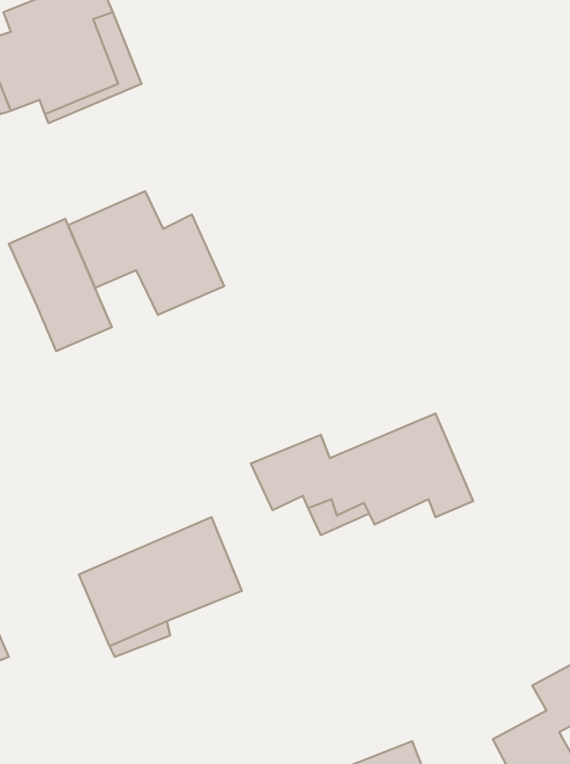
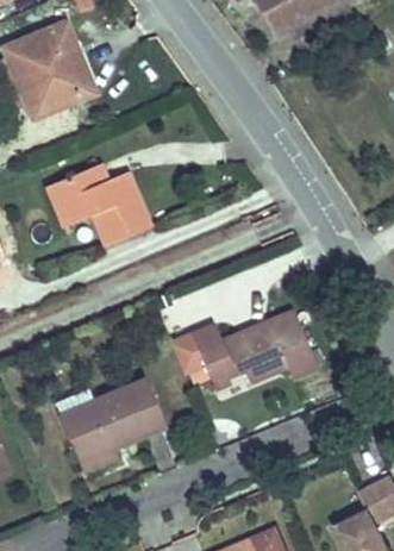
building: [9,219,112,351] -> none

